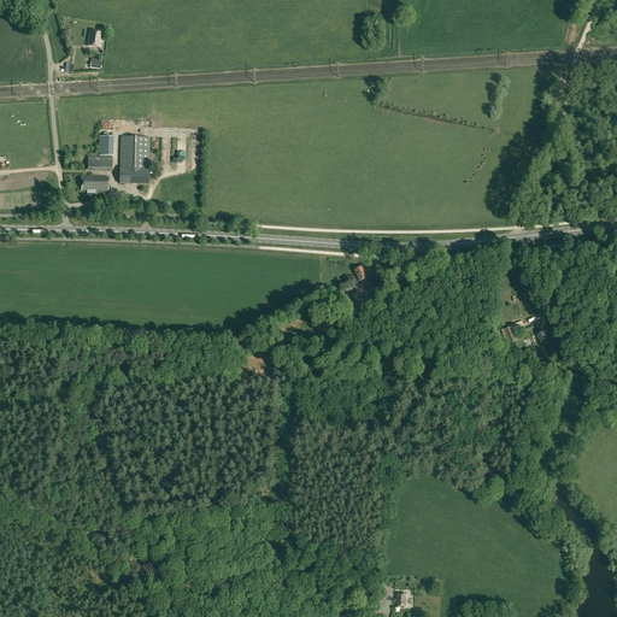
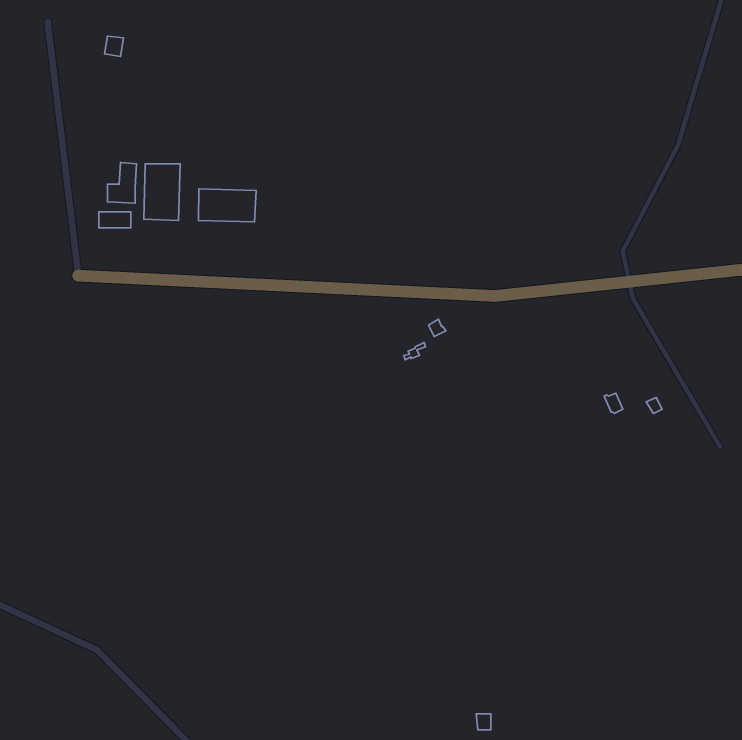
building: none -> [198,189,256,222]

